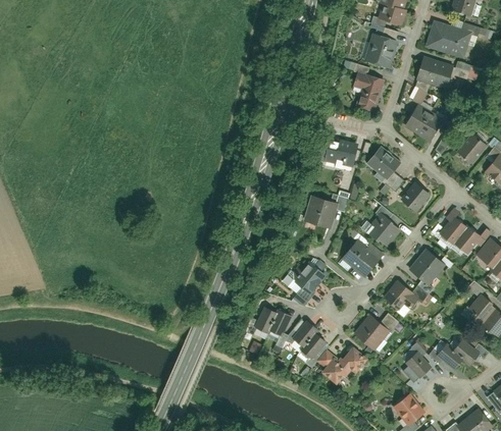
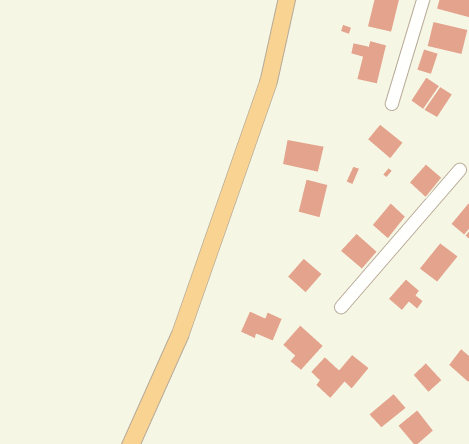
building: [320,136,357,164] -> [282,139,324,172]
building: [359,316,389,346] -> none
building: none -> [368,393,407,428]

